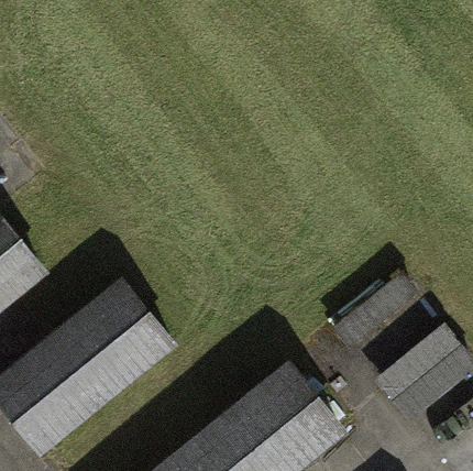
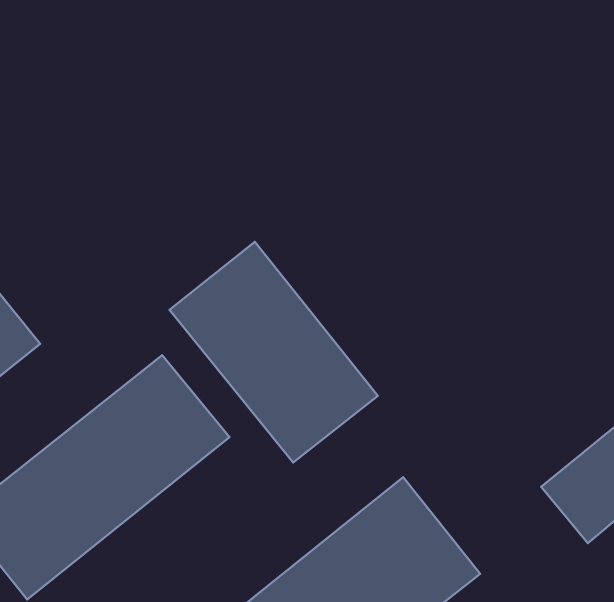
building: none -> [169,242,378,462]

